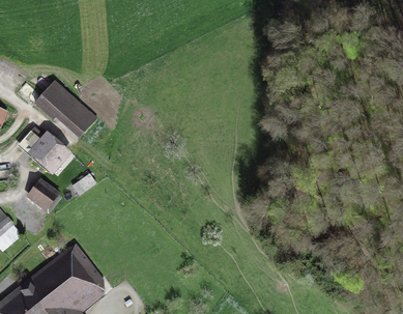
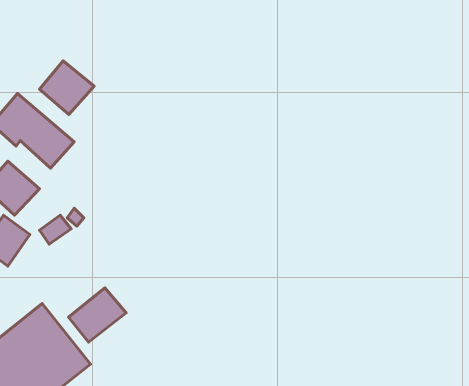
building: none -> [39,61,94,114]
building: none -> [68,288,126,342]

